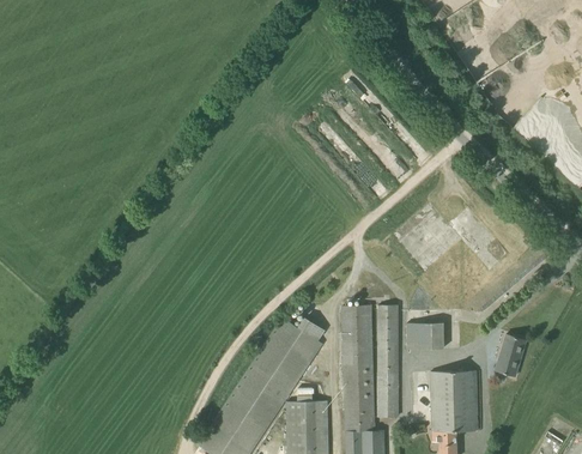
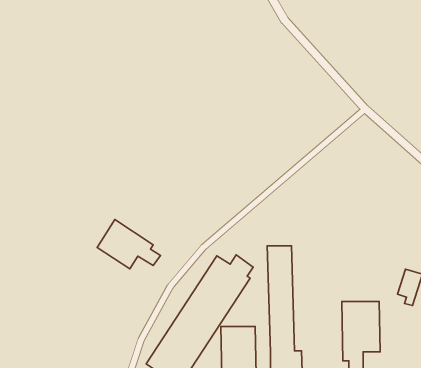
building: none -> [97,220,160,269]
building: [378,304,400,416] -> none
building: [406,322,443,349] -> none

